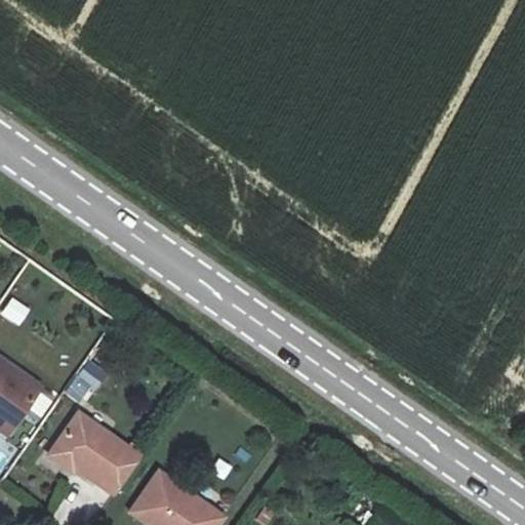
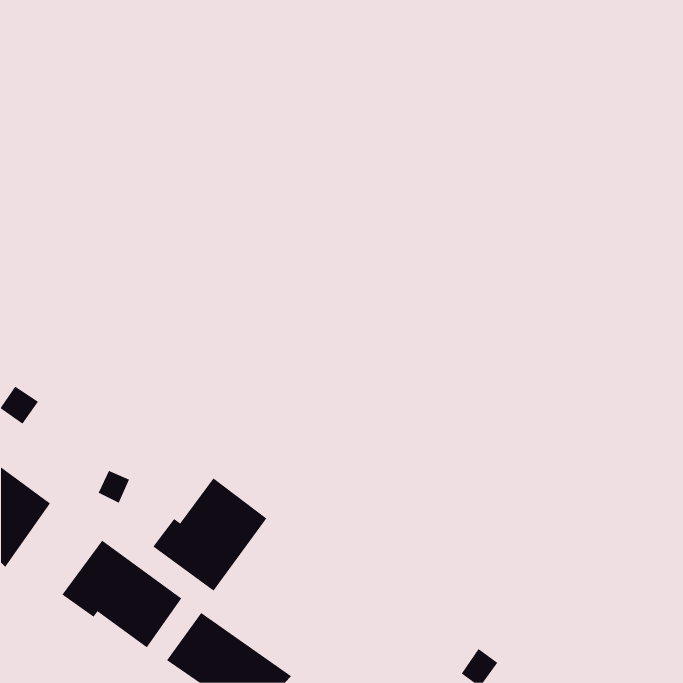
building: none -> [152,478,267,592]

